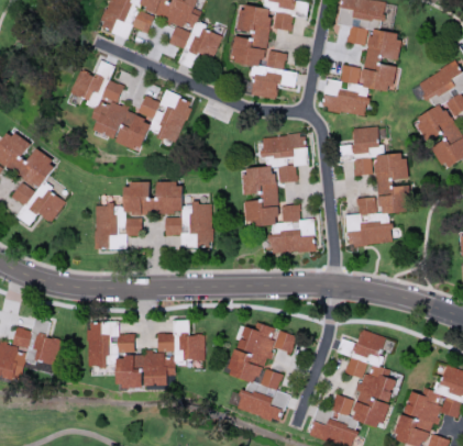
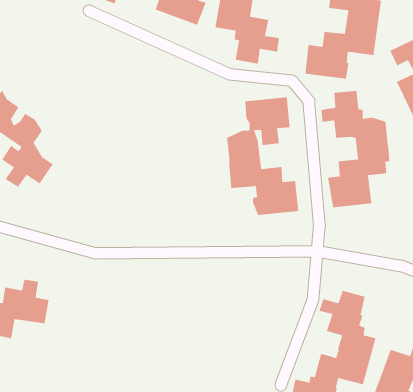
building: [70,60,192,148] -> none
building: [95,180,211,248] -> none
building: [87,319,205,387] -> none
building: [227,322,296,421] -> none

